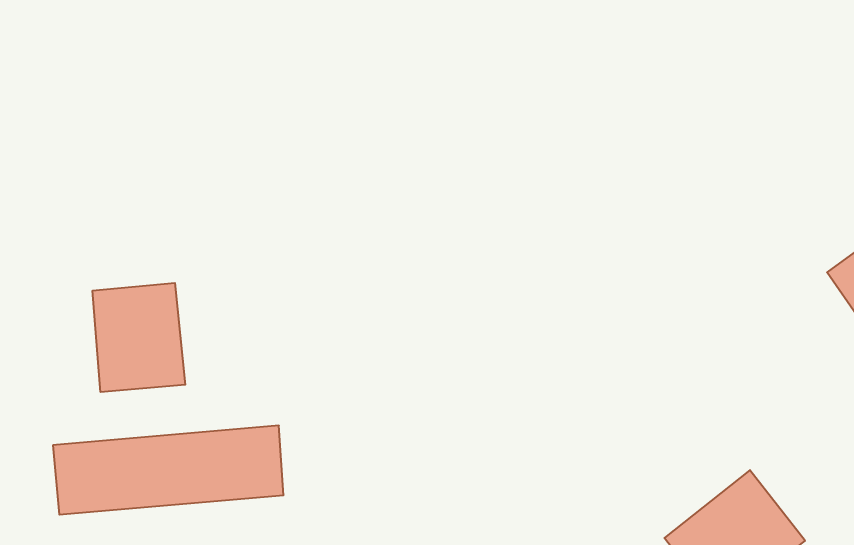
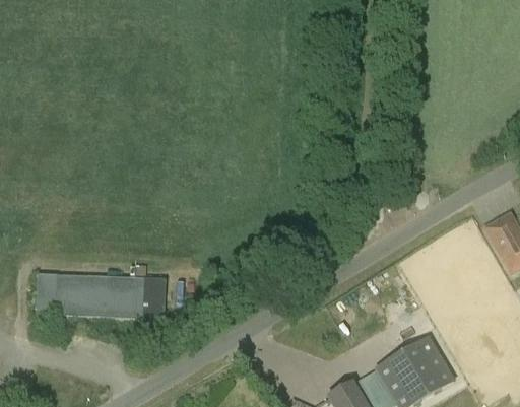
building: [93,283,185,392] -> none

